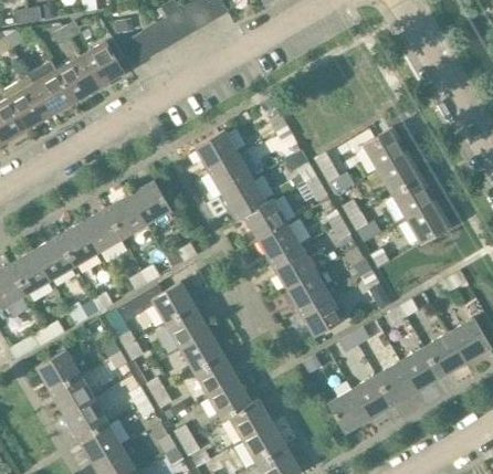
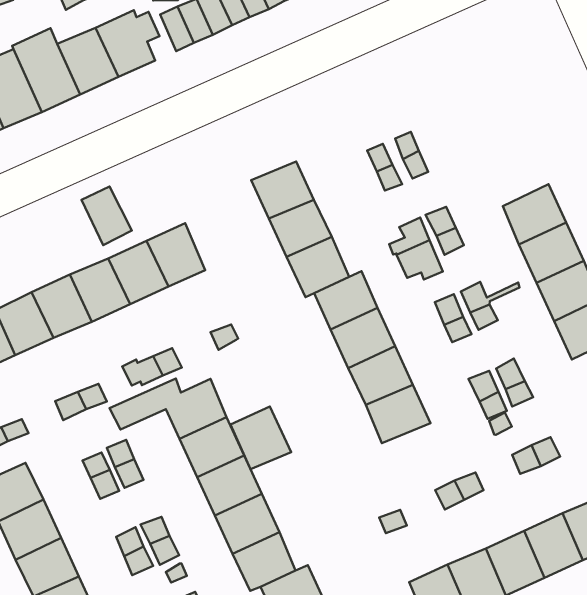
building: none -> [81,187,132,245]
building: none -> [230,406,291,469]
building: [300,296,344,337] -> none

